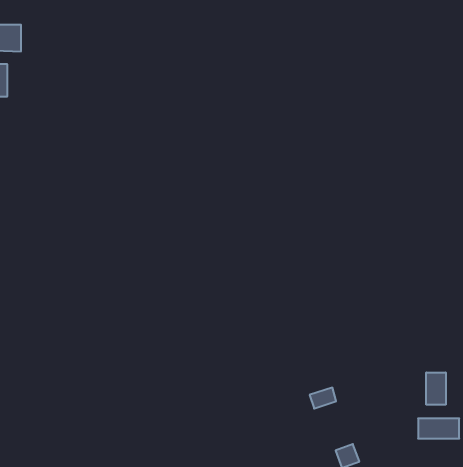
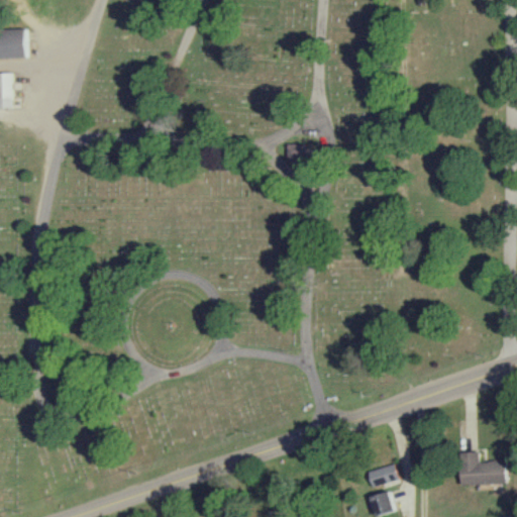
building: [426,372,446,405] -> none
building: [310,388,336,409] -> [368,463,397,487]

